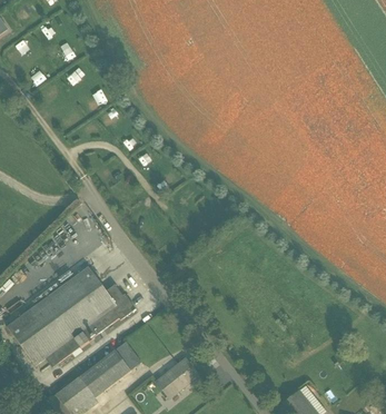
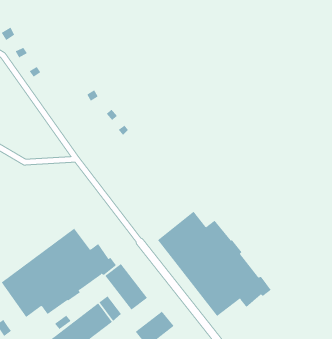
building: none -> [157,211,272,317]
building: none -> [104,263,148,310]

